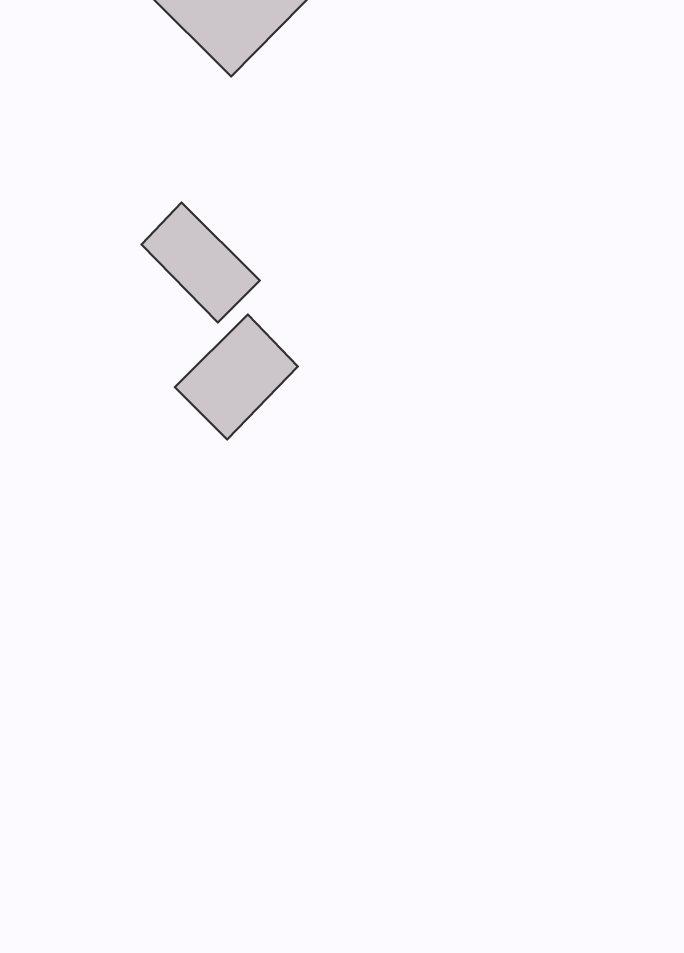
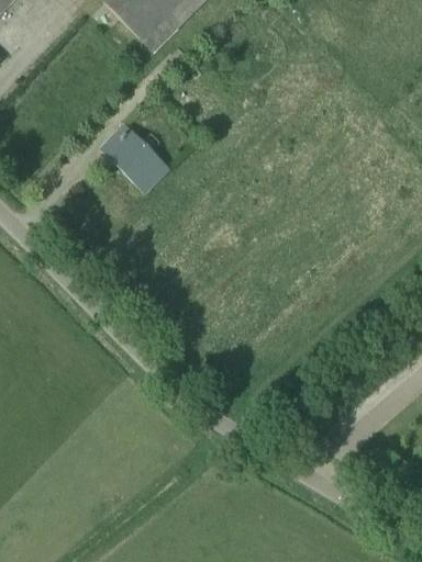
building: [175,315,298,440] -> none

